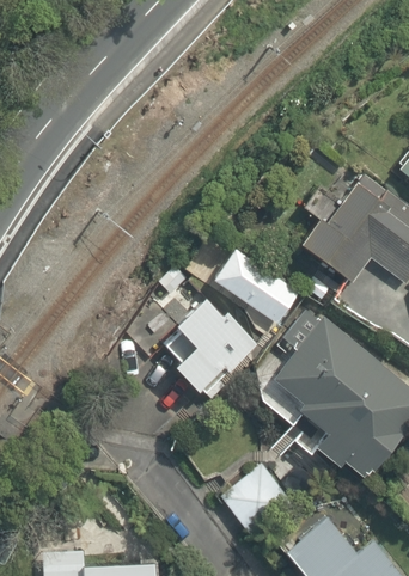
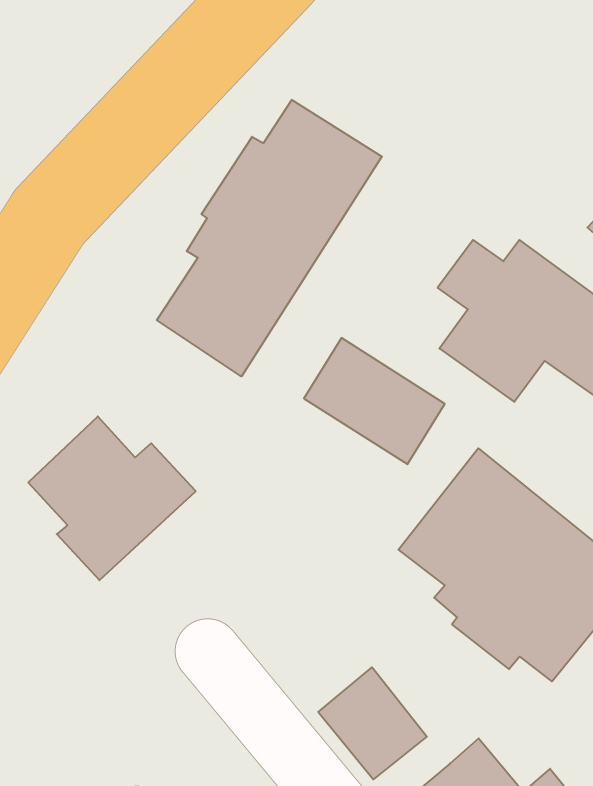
building: none -> [157,100,382,376]
building: [147,290,260,400] -> [28,416,196,580]

